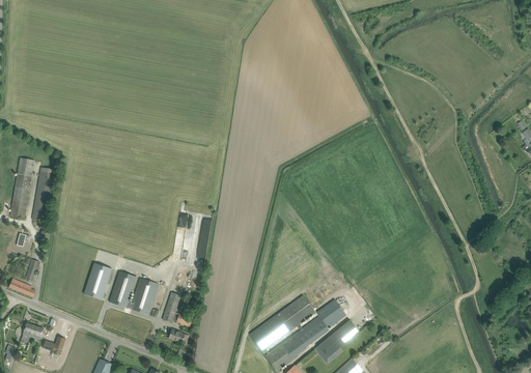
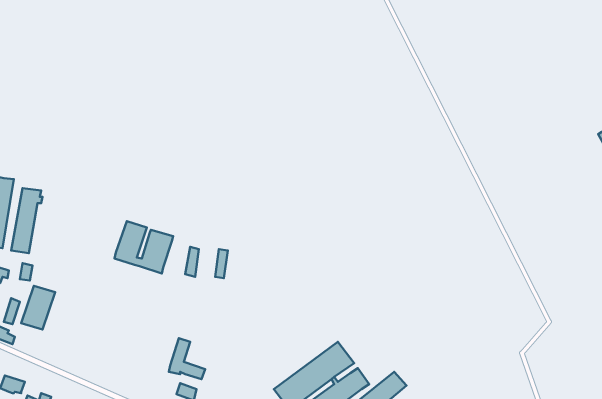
building: [83,263,111,299] -> [21,286,55,330]
building: [109,271,158,315] -> [114,221,173,274]
building: [316,299,345,328] -> none

